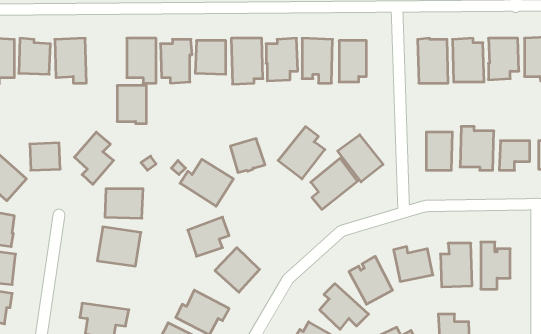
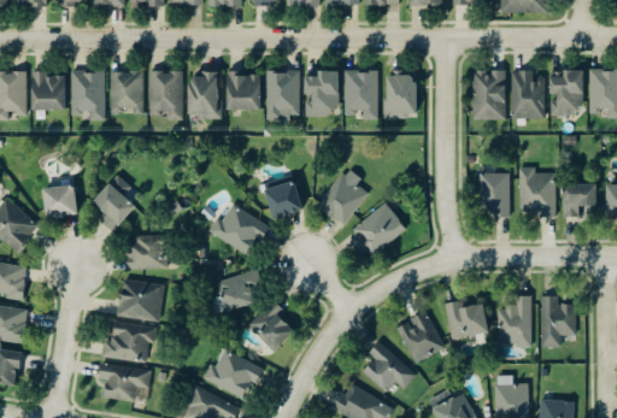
building: [117,86,146,124] -> [111,72,143,114]
building: [338,135,383,182] -> none
building: none -> [102,323,157,363]

